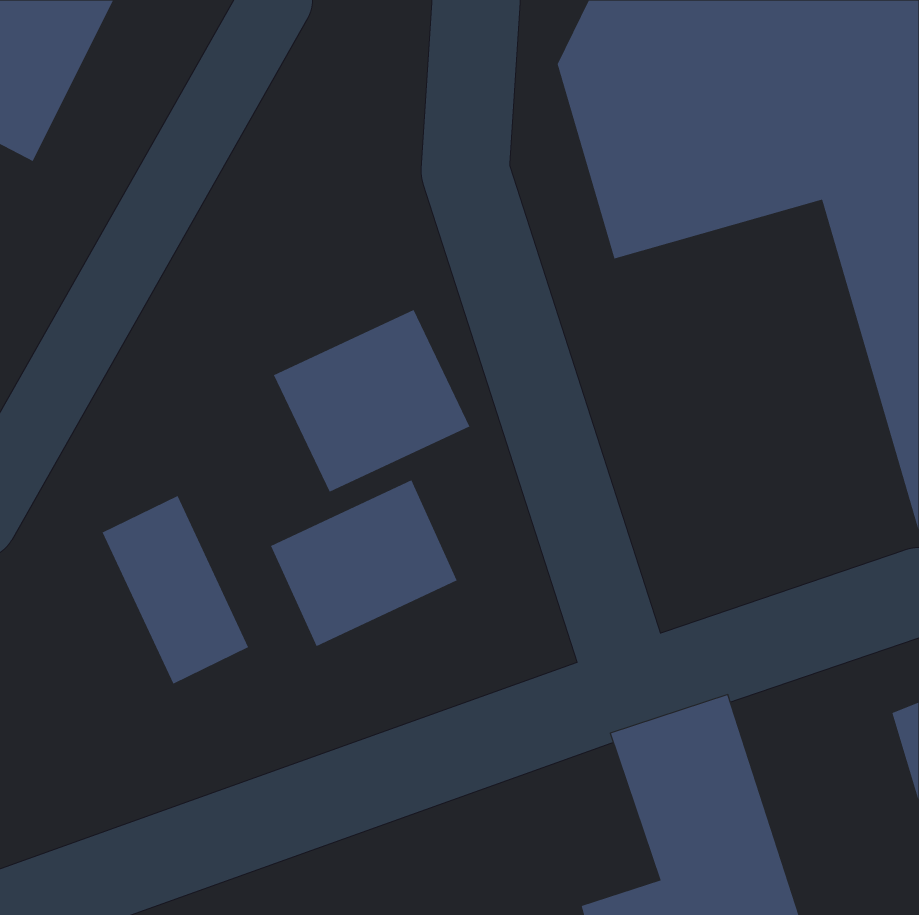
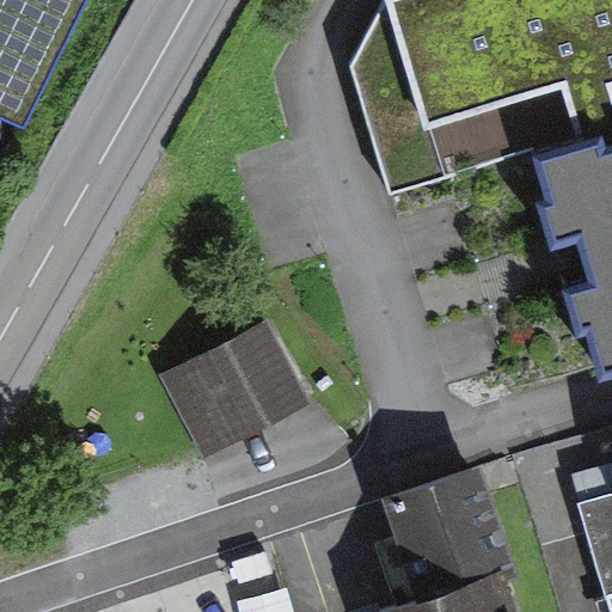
building: [273,309,470,492] -> none
building: [102,495,249,685] -> none

